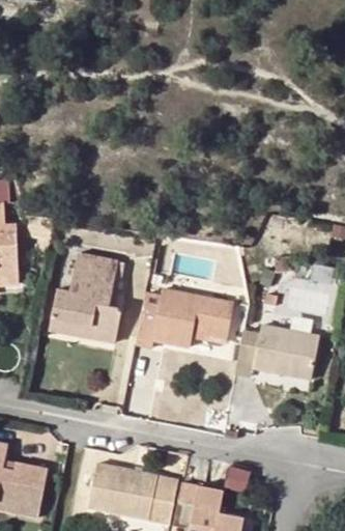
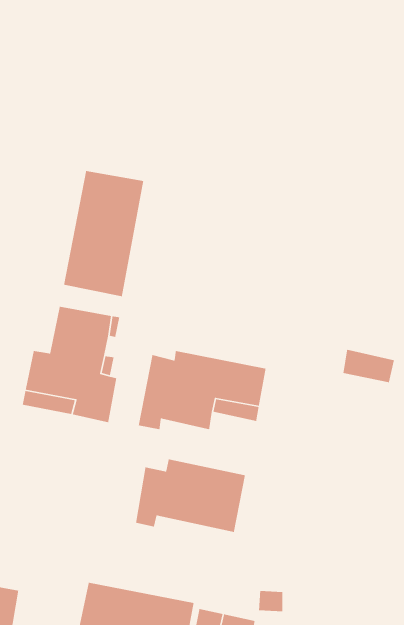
building: none -> [63,170,144,297]
building: [236,324,319,380] -> [135,458,246,533]

